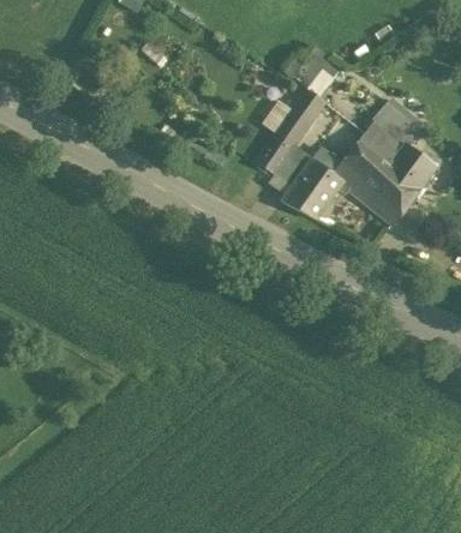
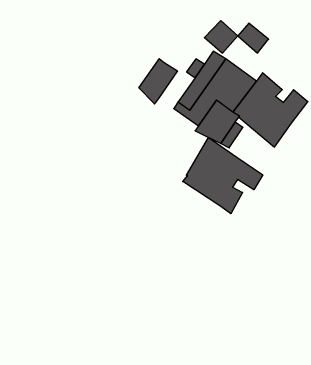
building: none -> [139,59,177,104]
building: [375,103,418,145] -> [238,23,269,53]
building: none -> [183,138,263,214]

